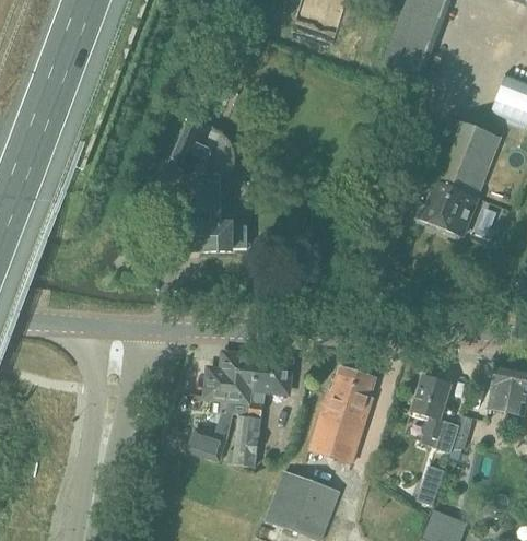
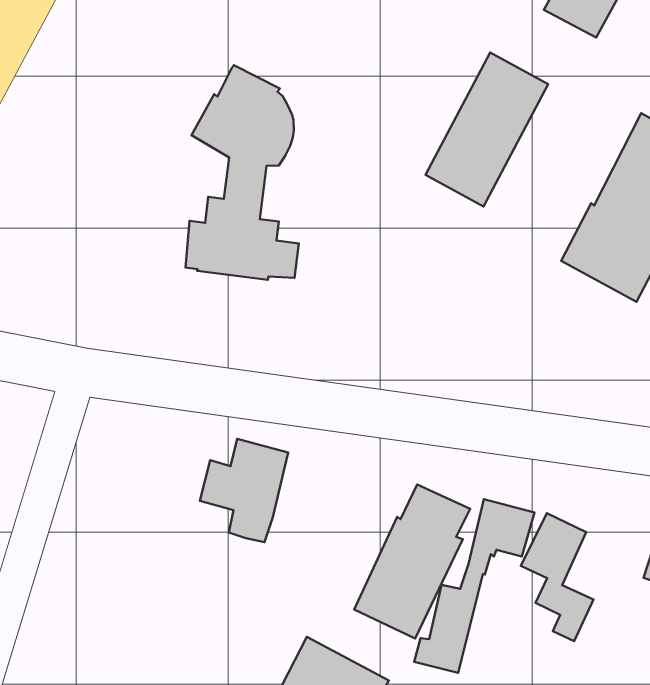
building: none -> [426,53,548,207]
building: [226,357,290,468] -> [414,499,535,673]
building: [188,430,224,460] -> none

